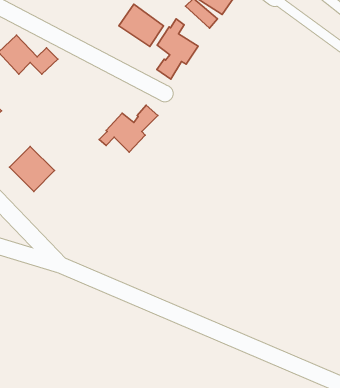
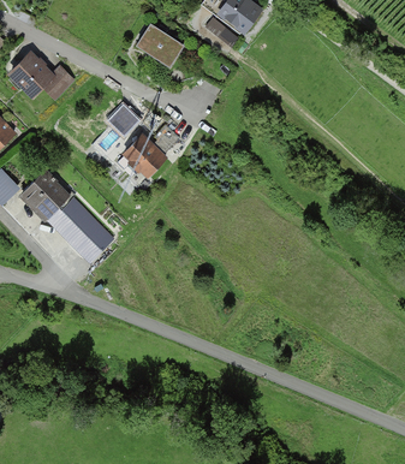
building: [157,19,198,79] -> none
building: none -> [107,105,139,137]
building: none -> [48,195,113,260]

